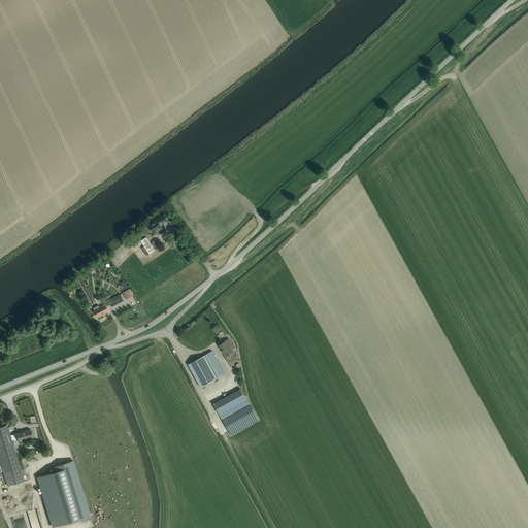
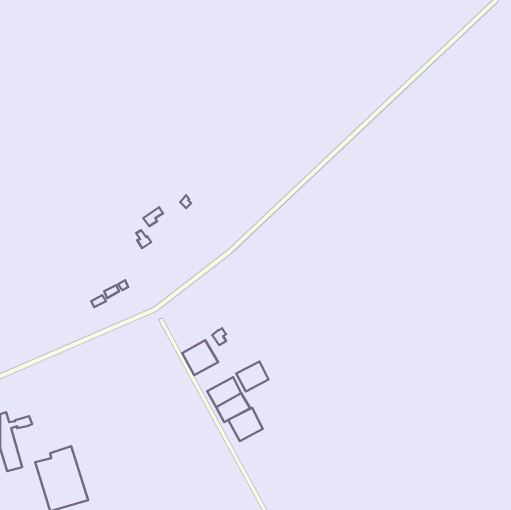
building: none -> [236,362,269,392]
building: none -> [228,408,263,441]

